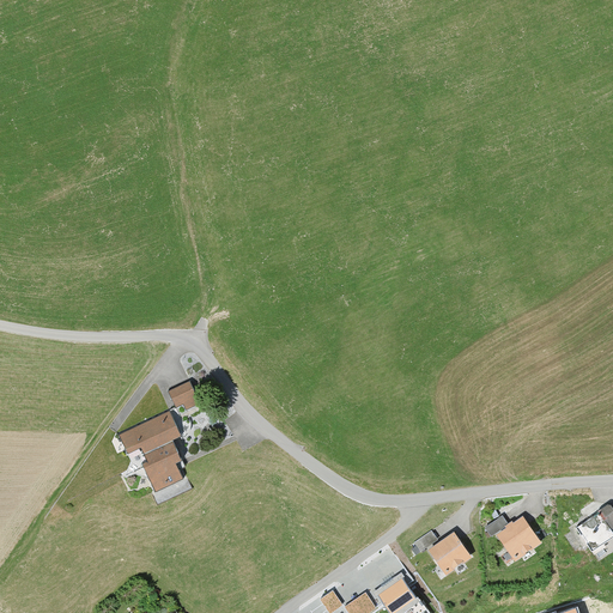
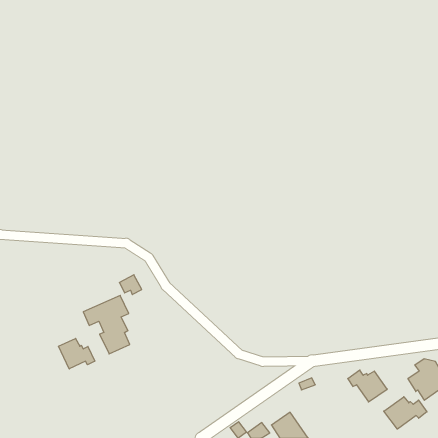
building: none -> [58,338,95,369]
building: [429,533,471,576] -> none
building: none -> [384,397,427,429]

